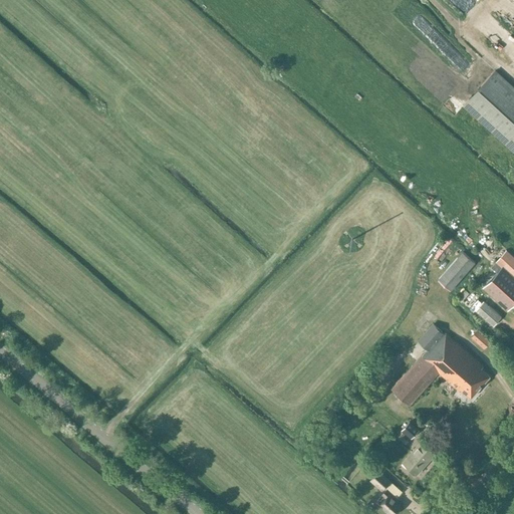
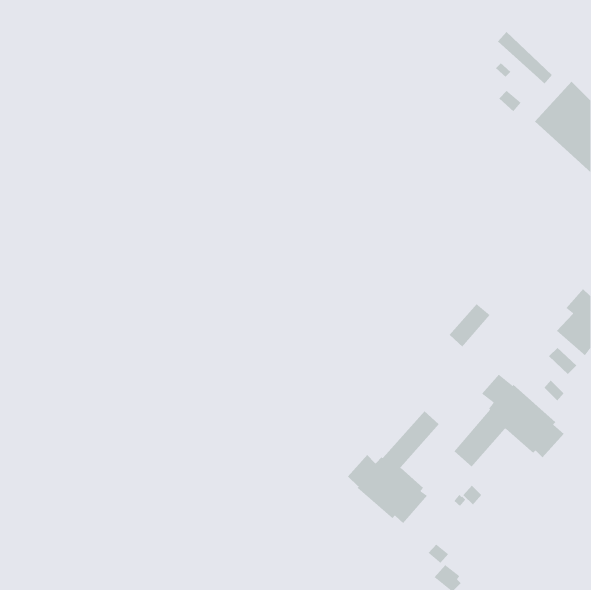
building: [439,253,475,291] -> [449,303,490,347]
building: none -> [347,411,440,524]
building: [403,442,435,475] -> none

